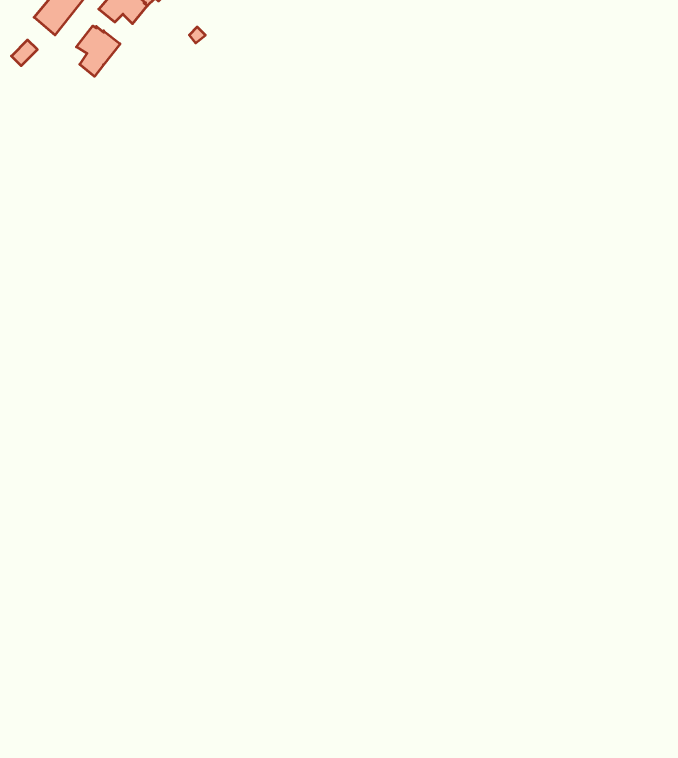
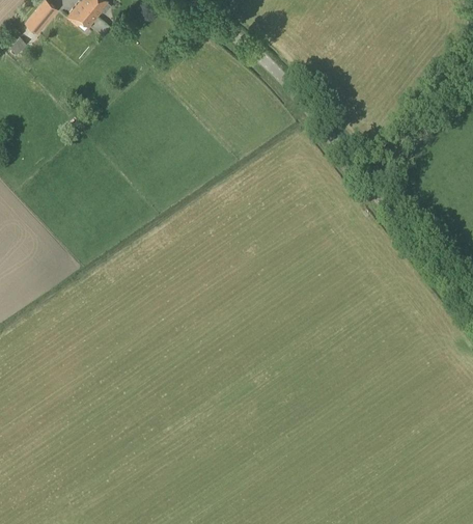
building: [76,26,120,76] -> none

